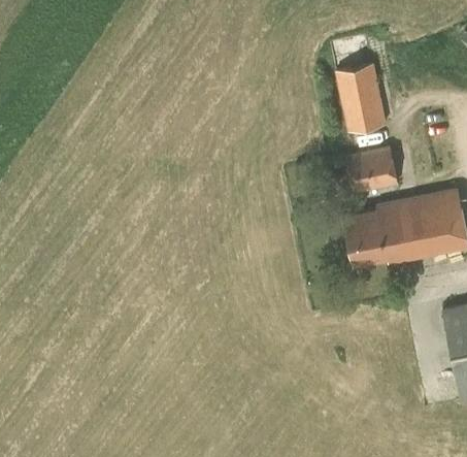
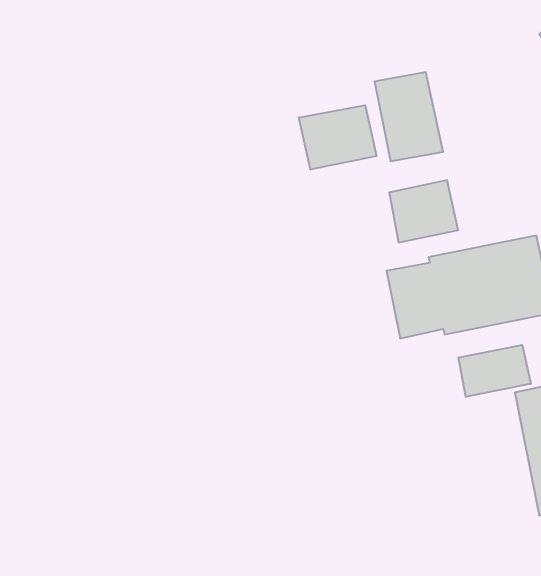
building: none -> [299,105,376,170]
building: none -> [459,345,531,397]

